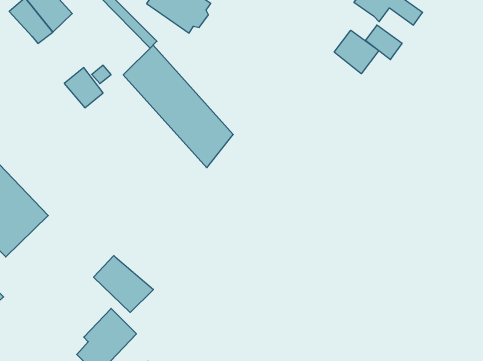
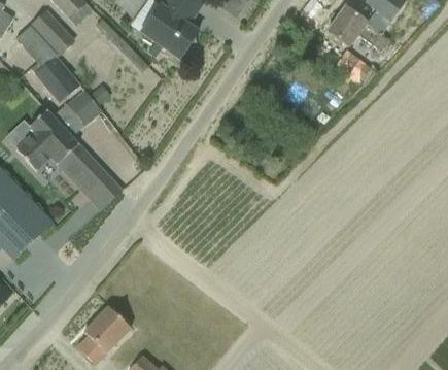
building: [334,30,379,74] -> none
building: none -> [30,56,77,100]
building: [123,45,233,168] -> [21,111,119,222]
building: [94,256,153,312] -> none

